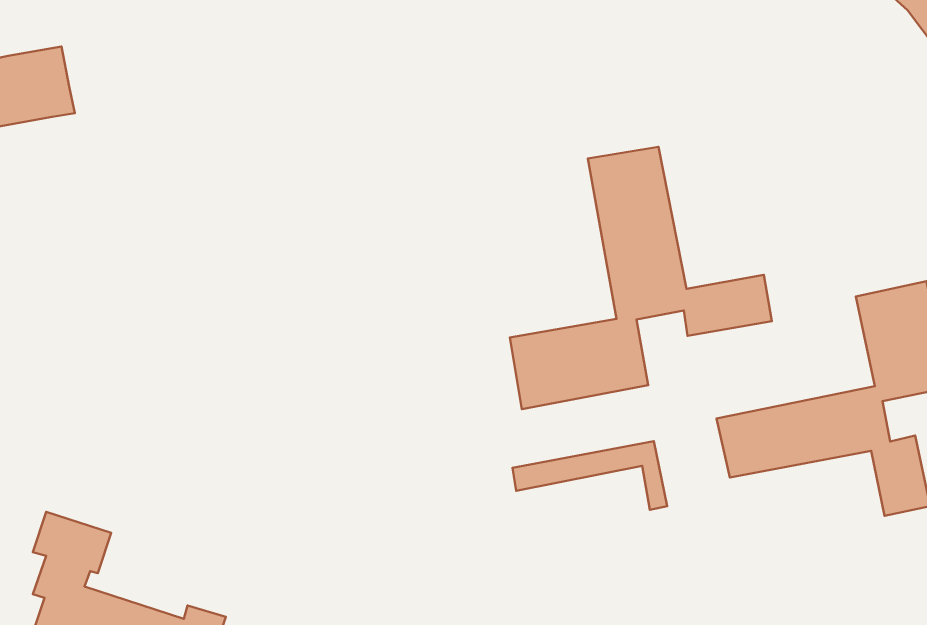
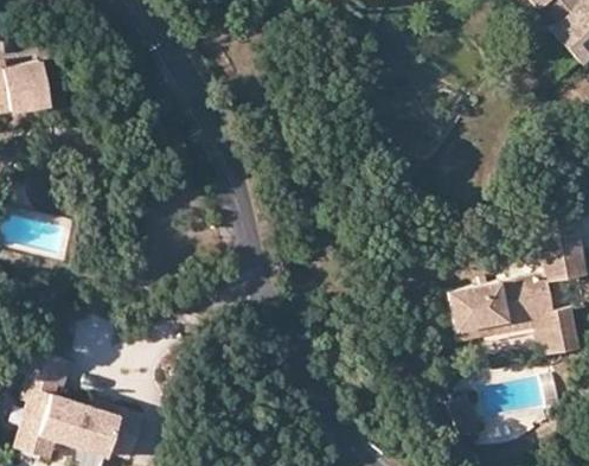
building: [510,147,772,409] -> none
building: [512,441,667,510] -> [454,315,550,358]

